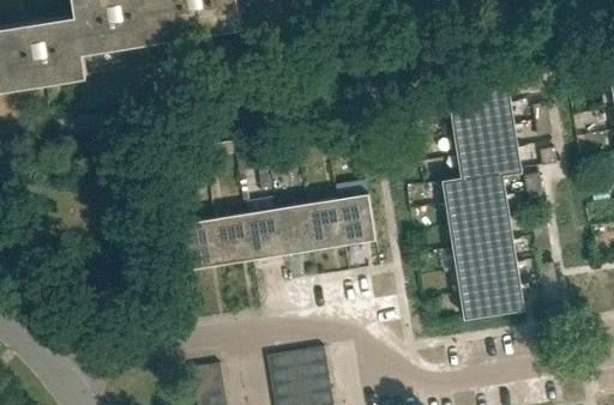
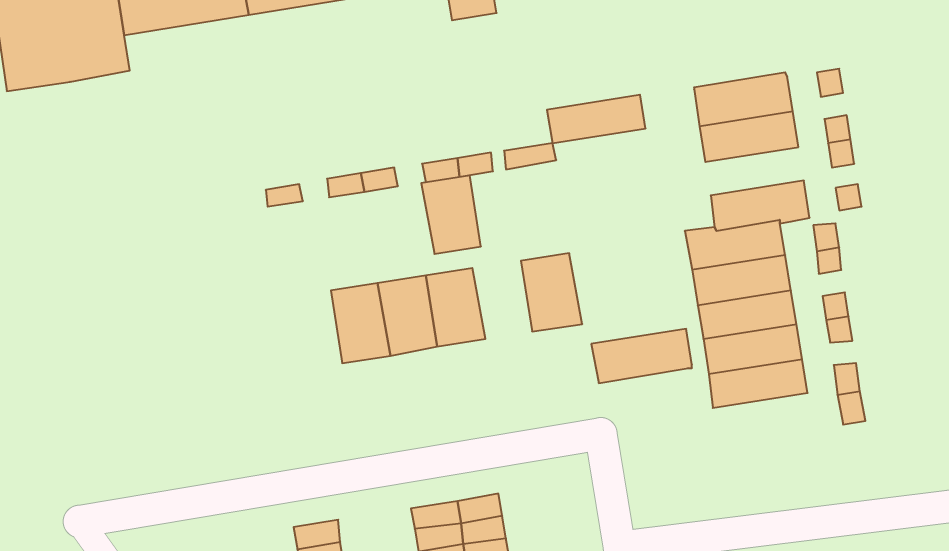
building: [455,126,518,157] -> [547,95,646,143]
building: [305,199,343,249] -> [421,176,481,254]
building: [182,218,221,270] -> none
building: [459,284,524,319] -> [591,329,692,383]

